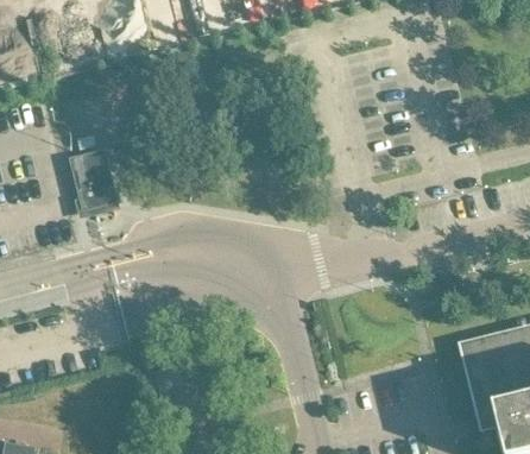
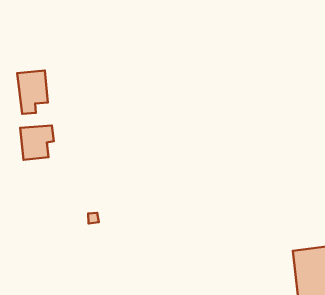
building: none -> [20,125,54,160]

